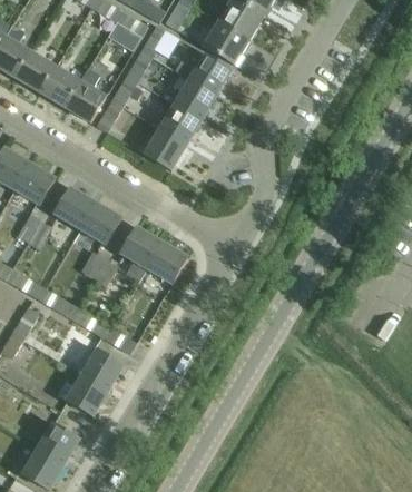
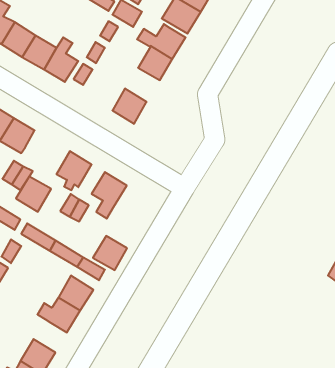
building: [159,105,200,145] -> none
building: [53,188,95,229] -> [16,177,51,212]
building: [146,243,186,283] -> [93,236,127,270]

